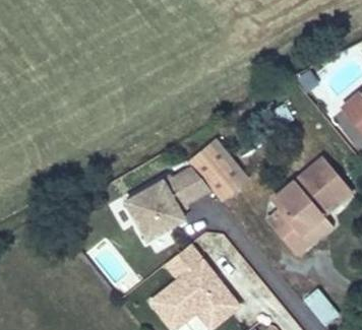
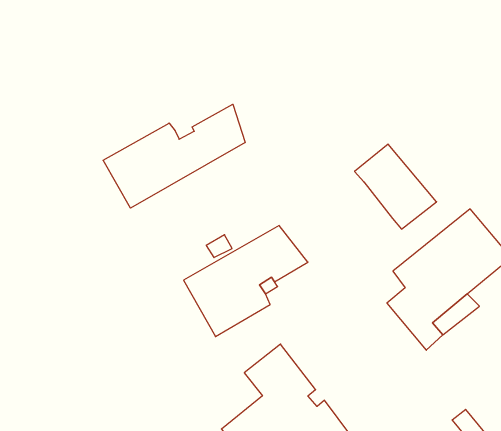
building: none -> [103,104,245,208]
building: [185,139,240,196] -> [355,144,437,229]

